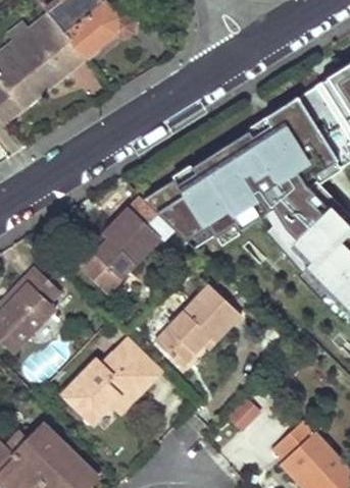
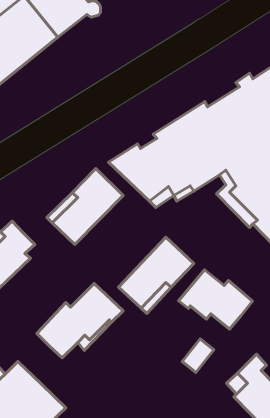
building: none -> [179,270,252,329]

